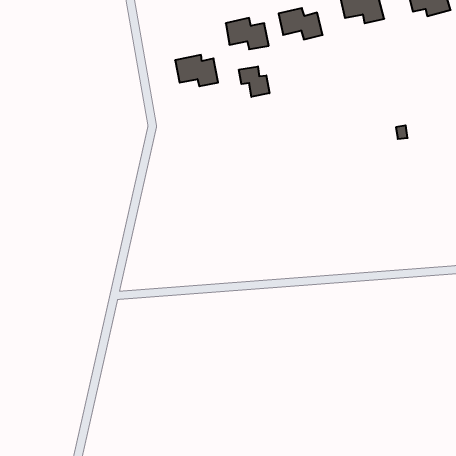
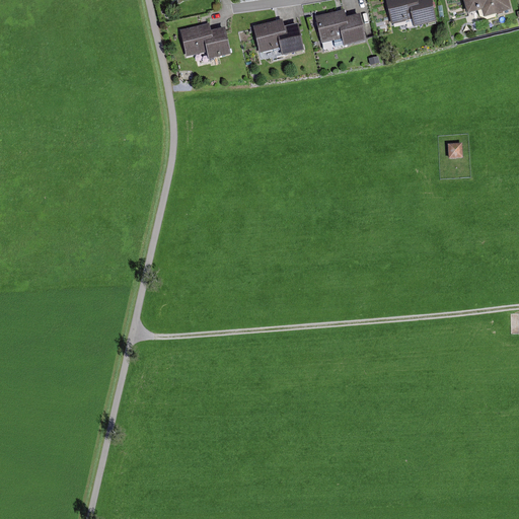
building: [175,55,218,86] -> [180,23,229,59]
building: [239,66,269,97] -> none

